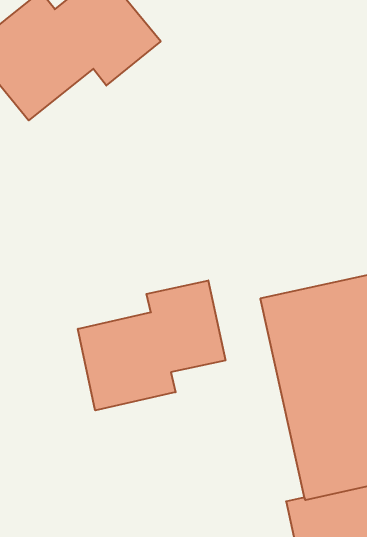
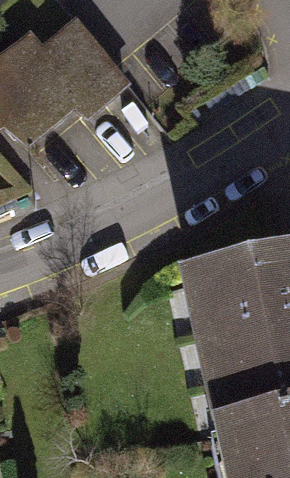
building: [78,280,225,410] -> none

